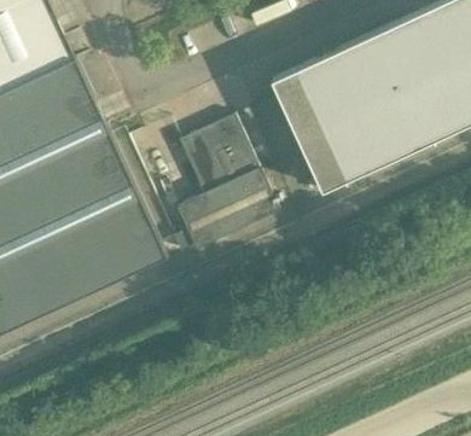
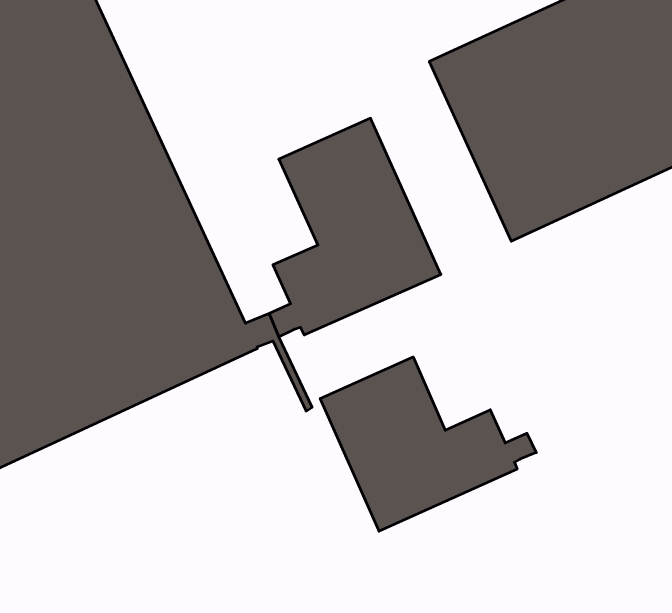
building: none -> [320,357,536,531]

